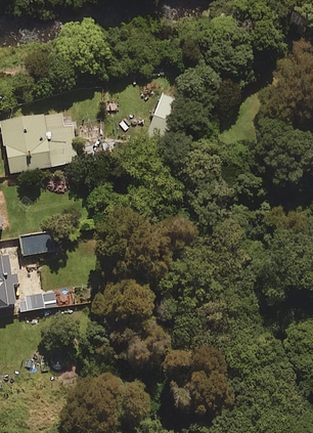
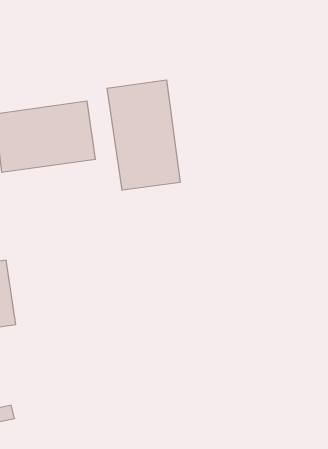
building: none -> [107,80,180,190]

